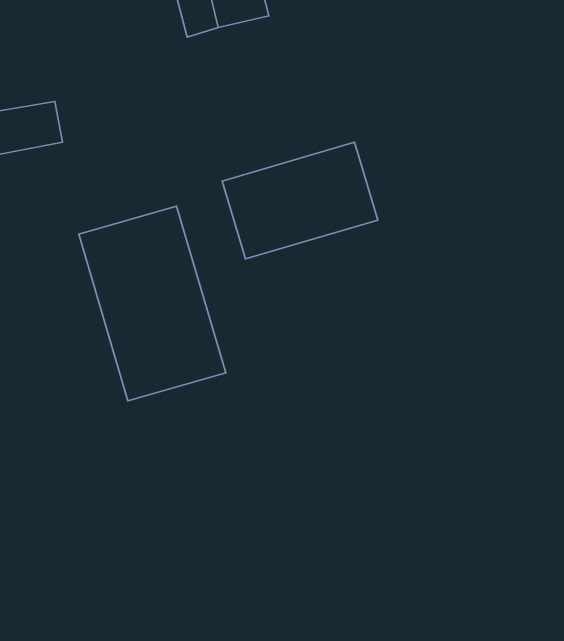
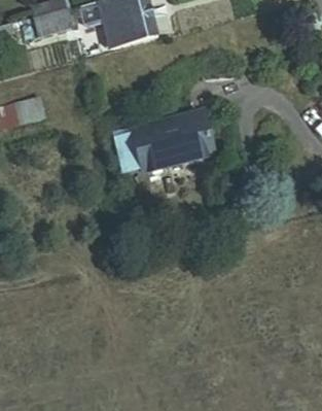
building: [79,206,226,401] -> none

